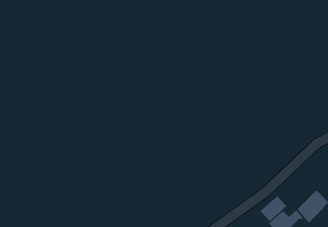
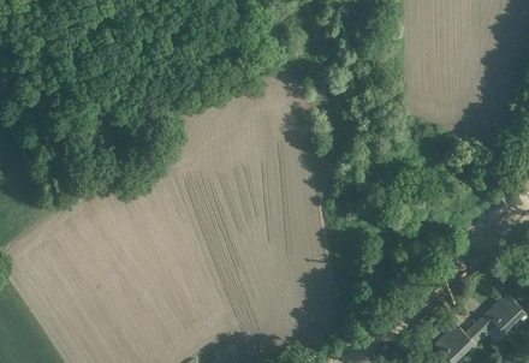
building: [260,195,287,222] -> none

